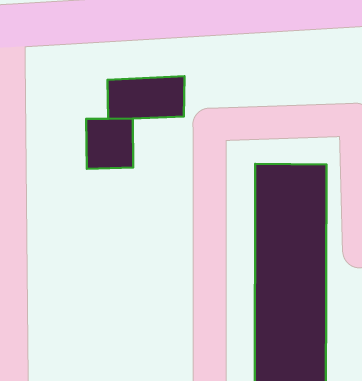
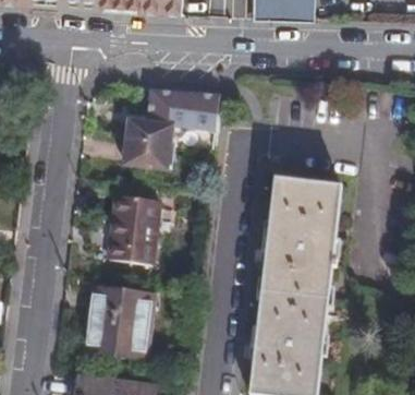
building: none -> [111,199,159,265]
building: none -> [89,287,155,356]

